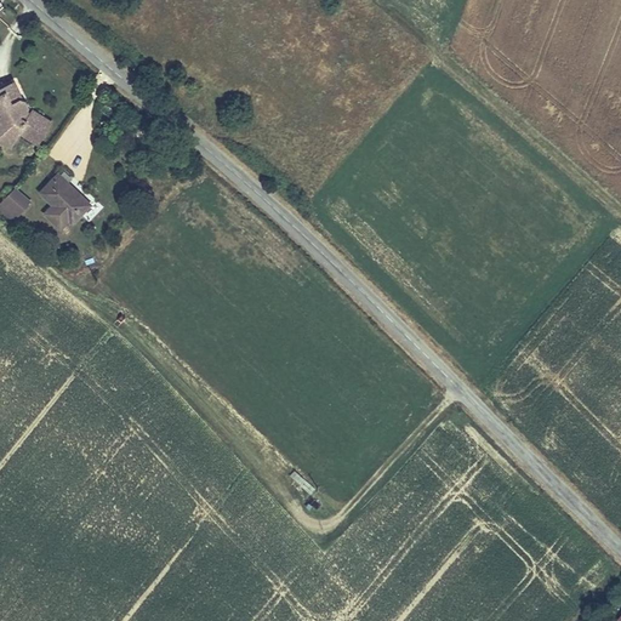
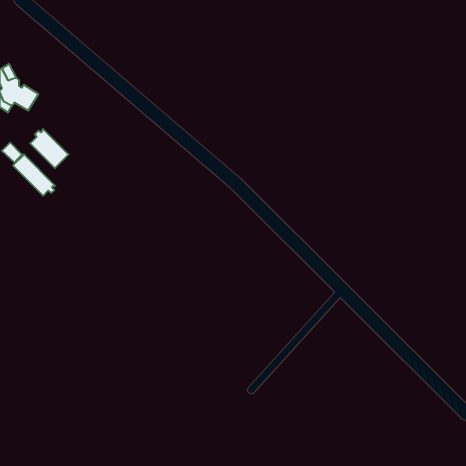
building: none -> [13,154,55,196]

